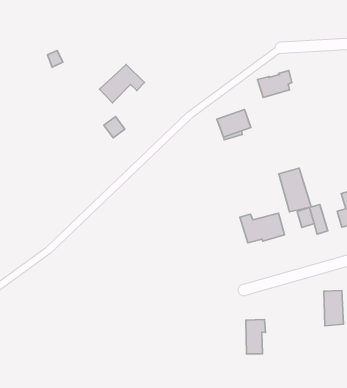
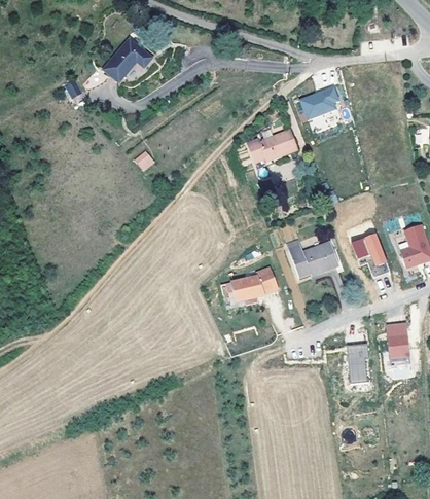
building: [99,65,145,103] -> [103,43,152,86]
building: [279,168,311,212] -> none
building: none -> [226,266,279,304]
building: [246,319,266,354] -> [347,341,369,380]

